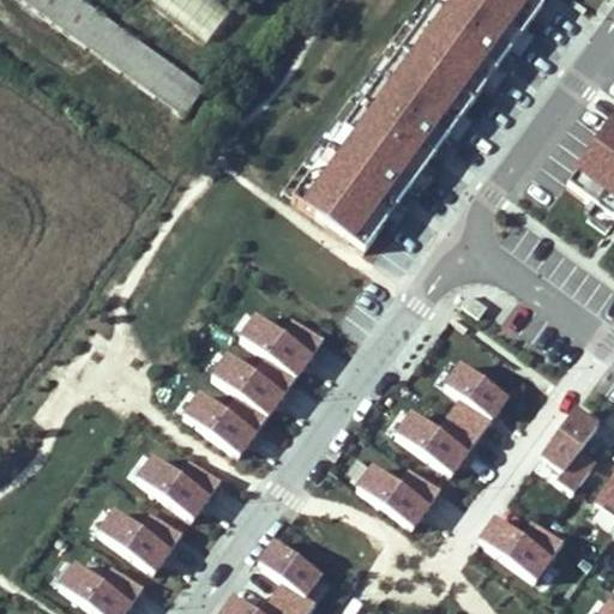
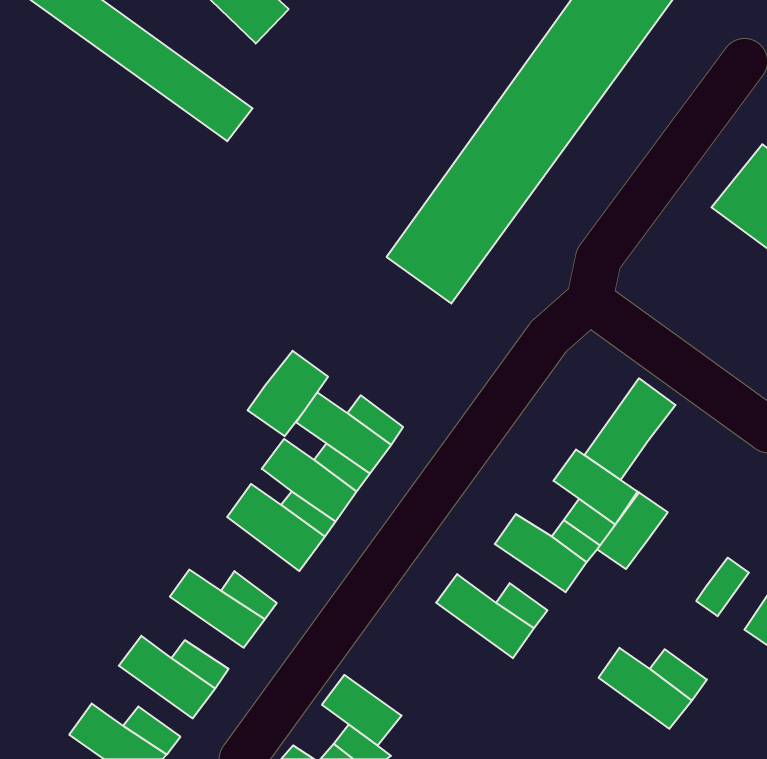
building: none -> [248,351,328,436]
building: none -> [585,378,676,480]
building: [541,408,597,469] -> [597,492,668,569]

